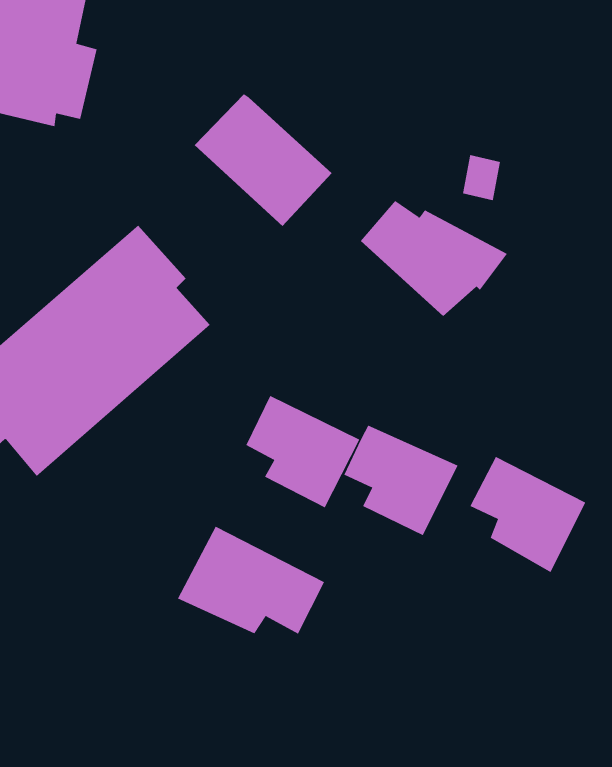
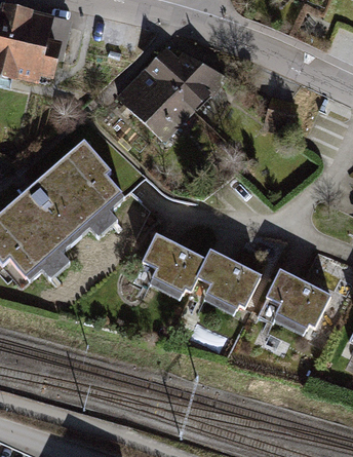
building: [360,200,508,317] -> [145,47,227,112]
building: [177,526,325,635] -> none

